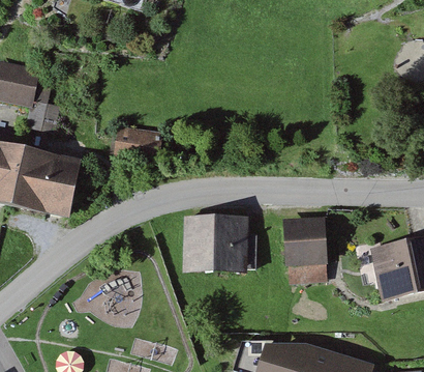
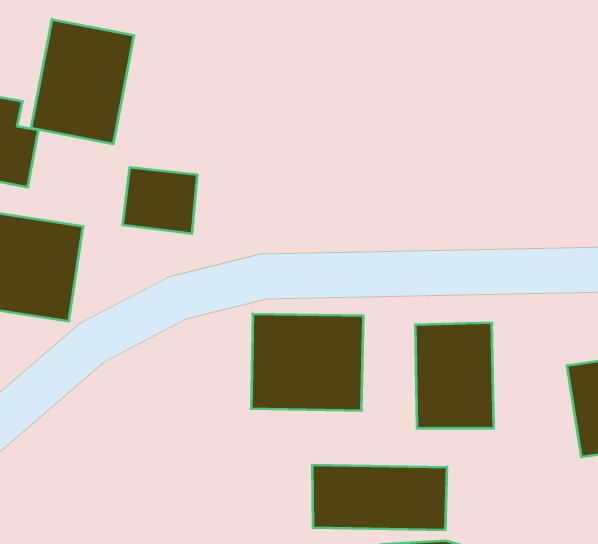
building: none -> [31,19,134,144]
building: none -> [313,465,447,530]

